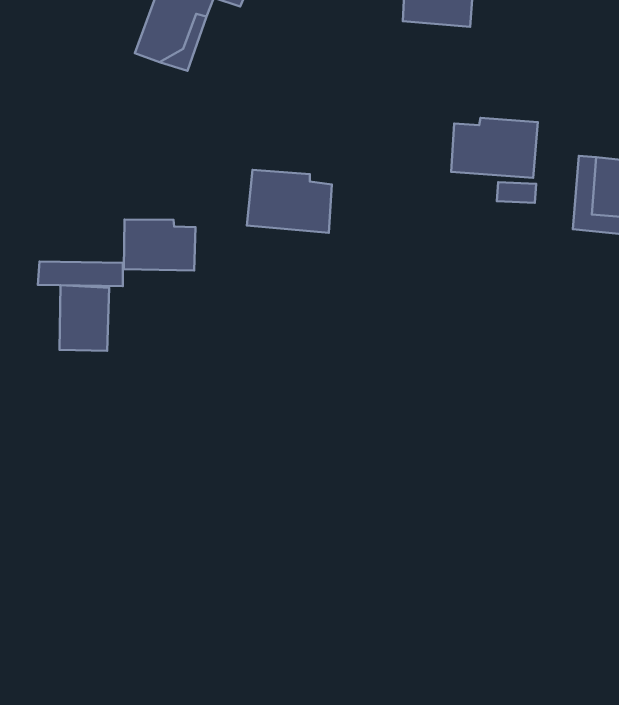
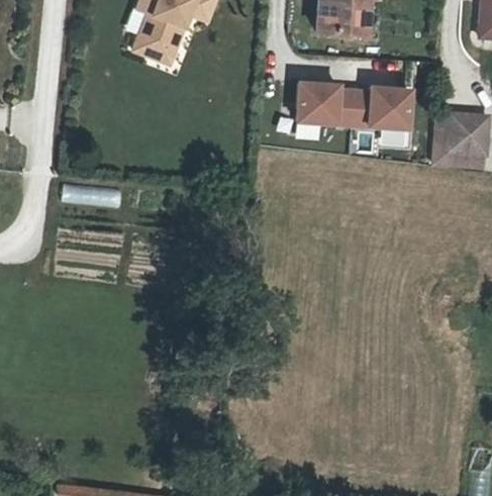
building: [247,170,332,233] -> [296,82,355,125]
building: [124,219,195,270] -> none
building: [59,285,109,351] -> none

